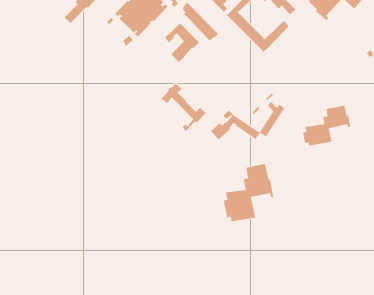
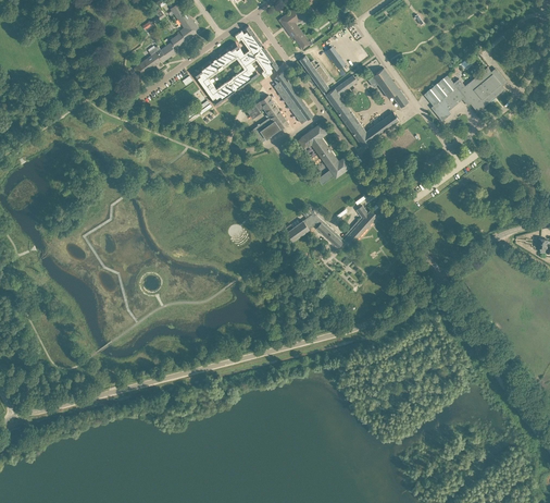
building: [161,83,206,132] -> [298,125,349,185]
building: [303,105,351,146] -> none
building: [223,163,274,222] -> none

